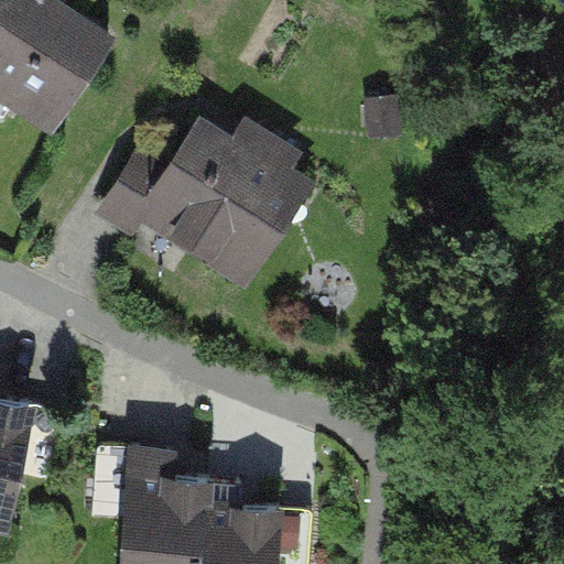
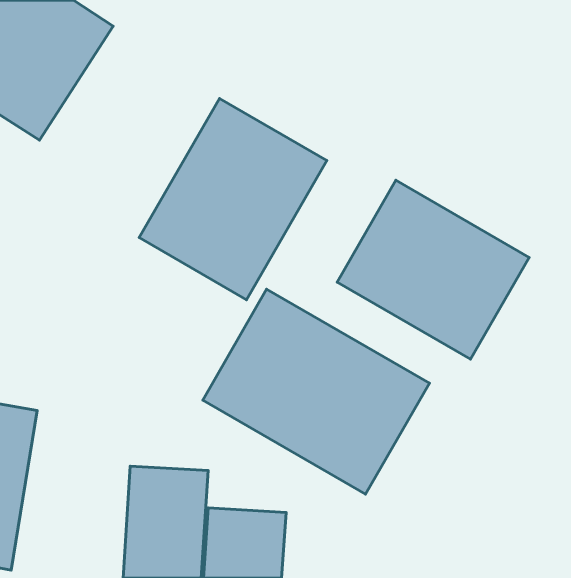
building: none -> [337,180,529,359]
building: none -> [203,289,429,494]

